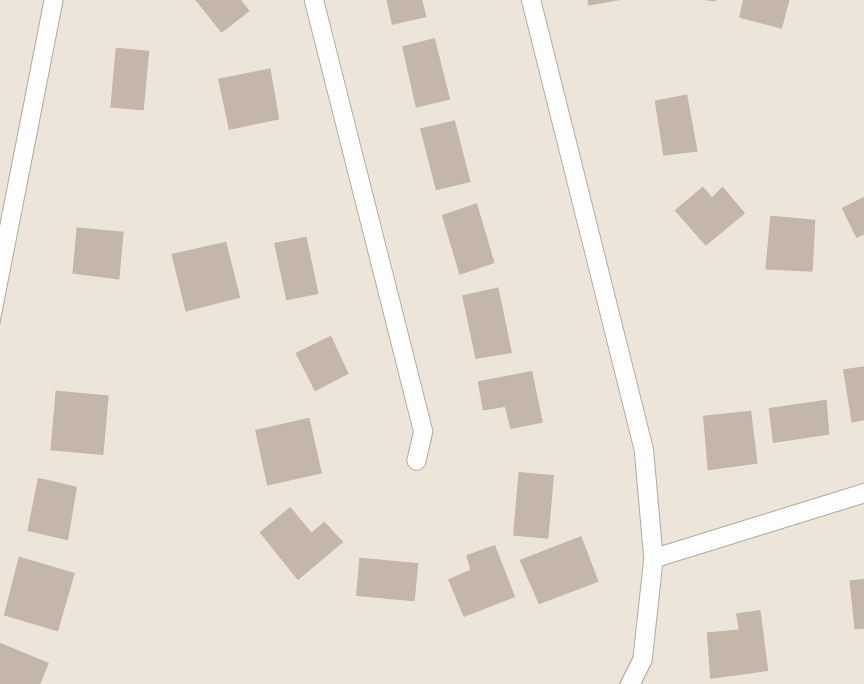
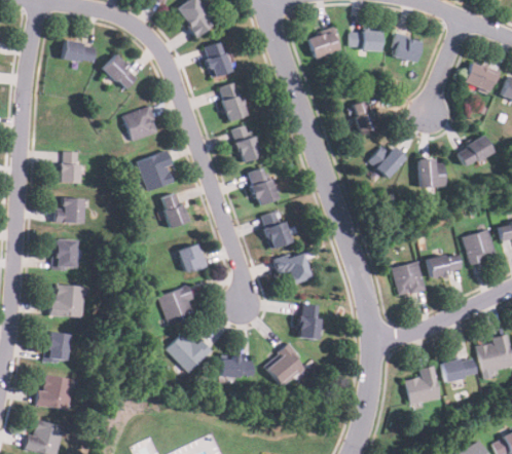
building: [109,47,150,111] -> [61,152,79,184]
building: [170,241,241,312] -> [137,152,176,191]
building: none -> [53,239,76,269]
building: [519,535,599,605] -> none
building: none -> [442,357,475,381]

